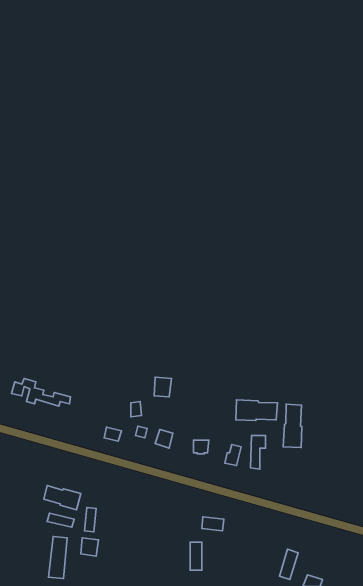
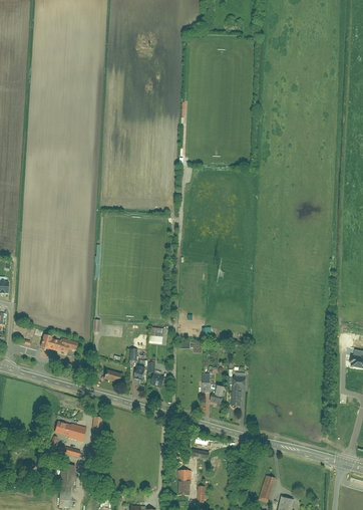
building: [236,400,277,420] -> none
building: [283,404,302,447] -> none

